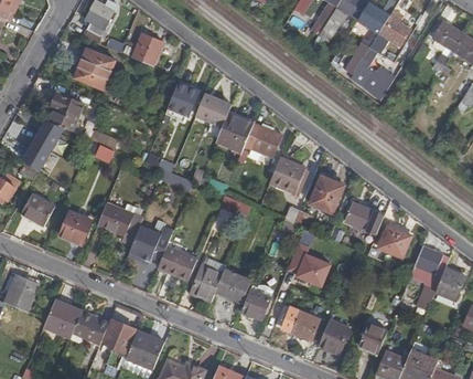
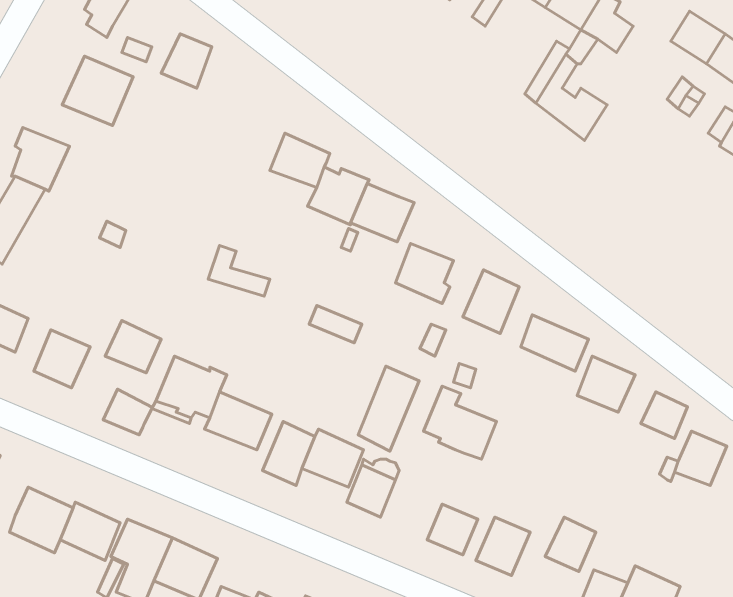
building: [169,82,197,114] -> none
building: none -> [358,366,419,451]
building: none -> [103,389,153,435]

